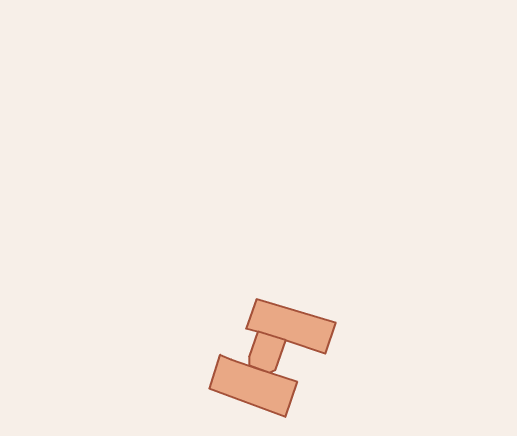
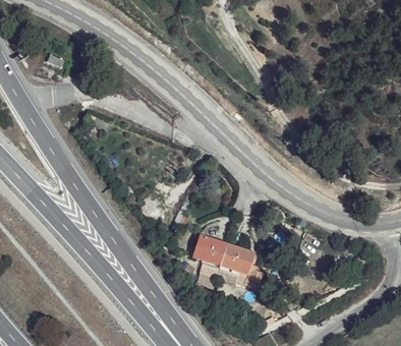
building: [209,355,297,417] -> none

